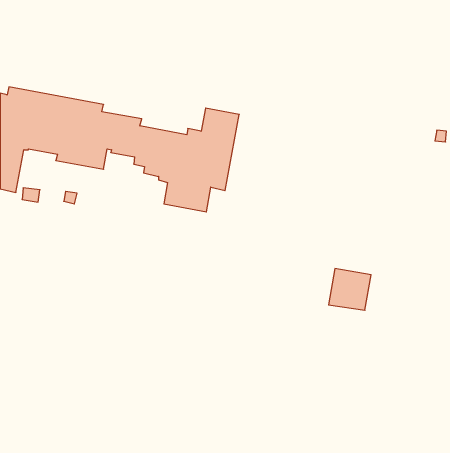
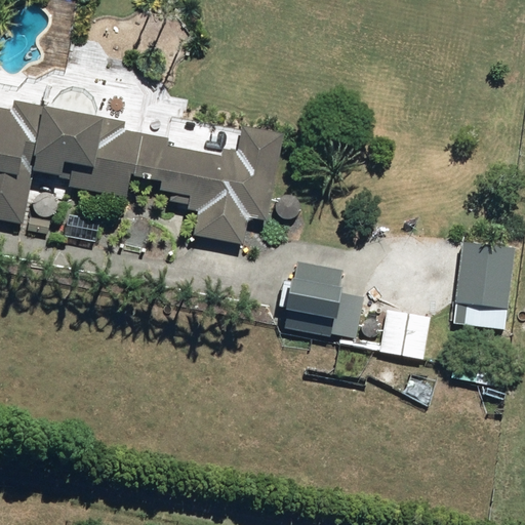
building: none -> [453,241,512,328]
building: none -> [282,262,364,338]

